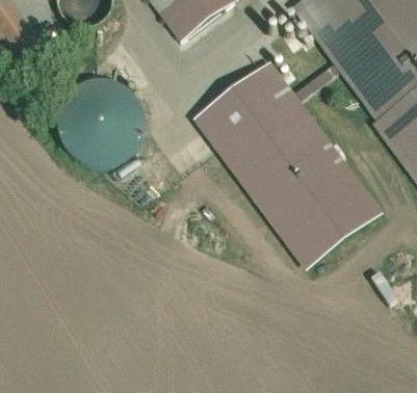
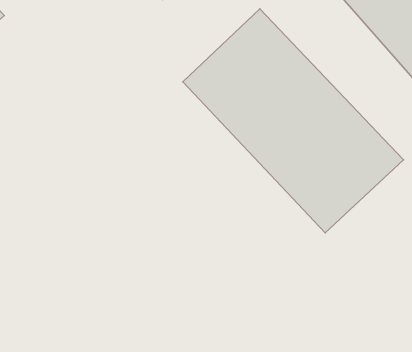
building: [55,77,146,167] -> none

